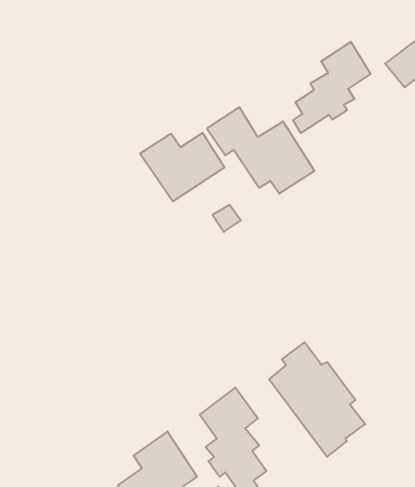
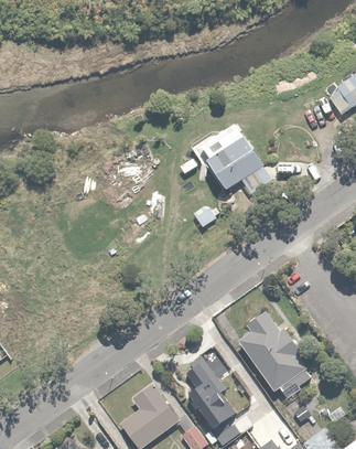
building: [293,42,371,133] -> none
building: [140,133,224,201] -> none

